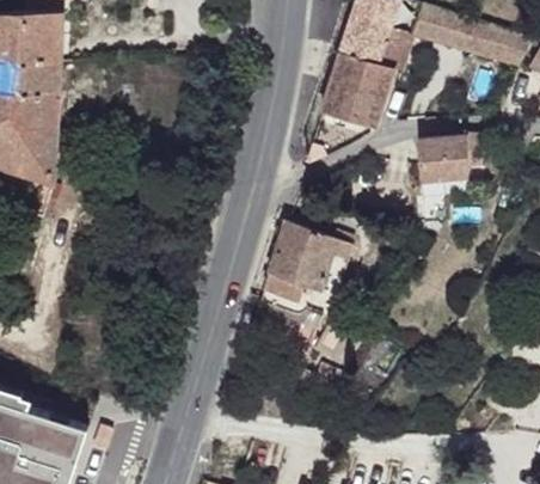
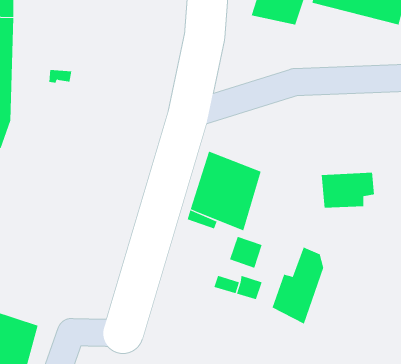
building: [325,55,397,128] -> none
building: [417,137,483,182] -> [321,172,375,208]
building: none -> [272,247,324,325]

